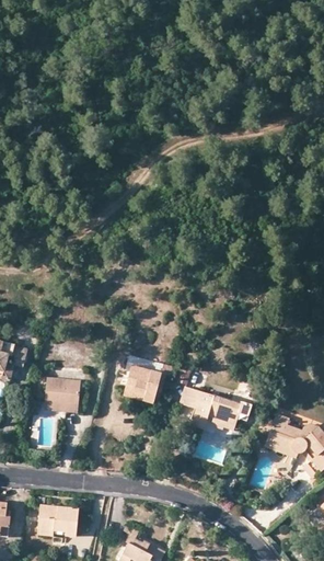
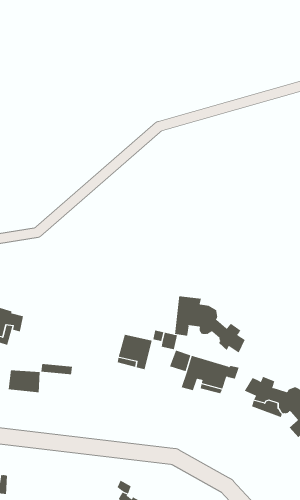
building: none -> [174,296,245,353]
building: [45,378,79,402] -> [8,370,40,393]
building: [37,504,78,536] -> none

